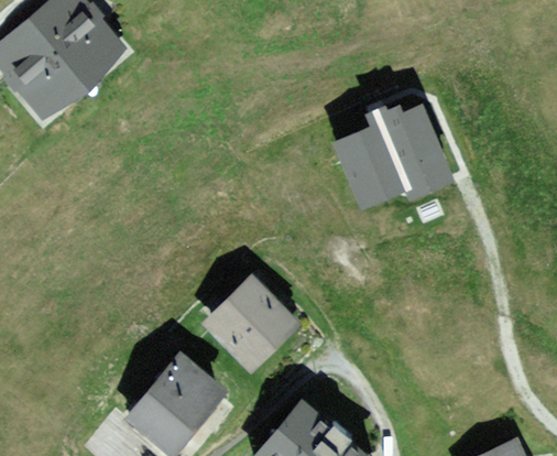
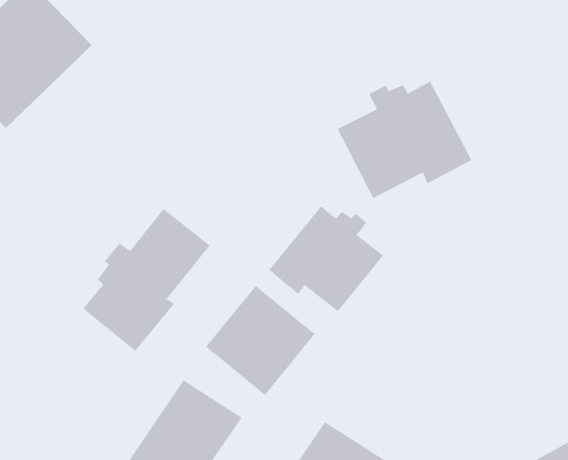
building: none -> [83,208,210,352]
building: none -> [268,205,384,312]

